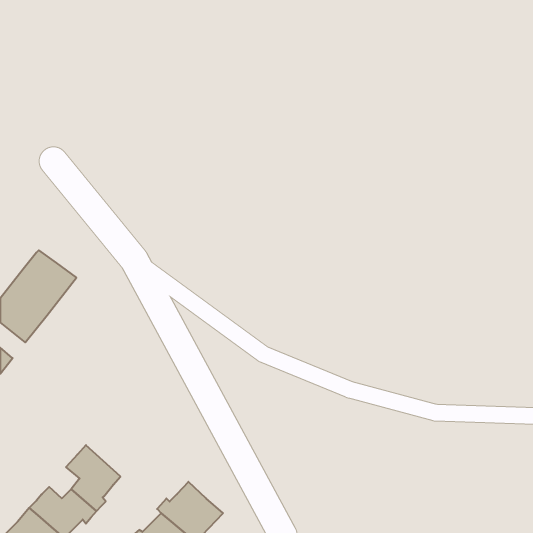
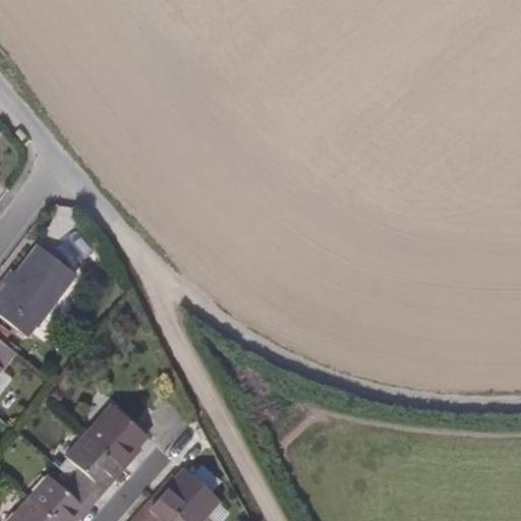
building: none -> [85,405,146,469]

